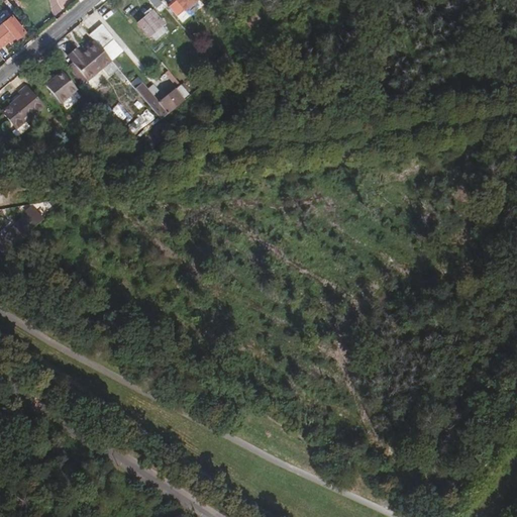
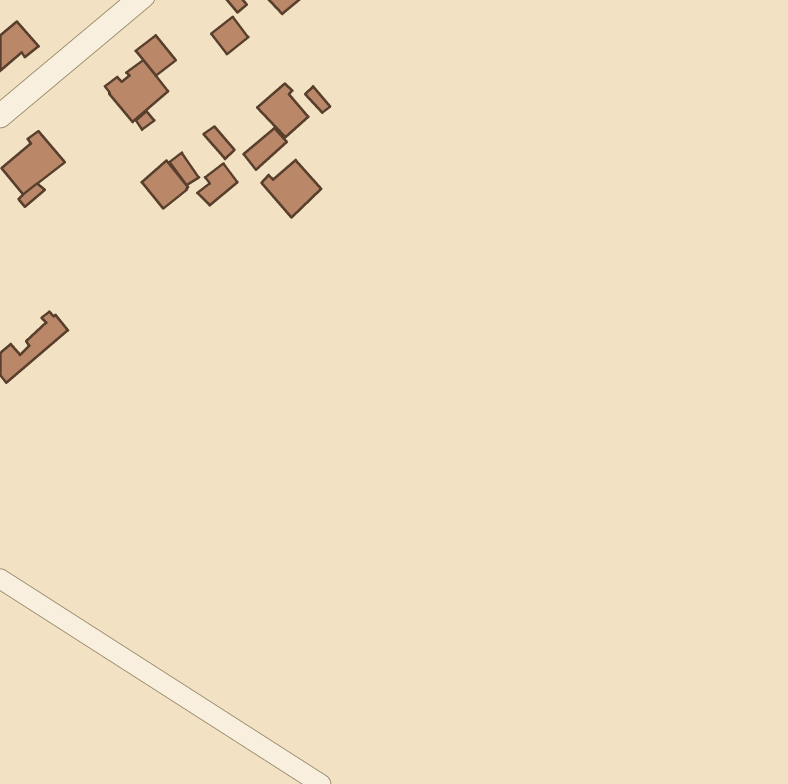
building: none -> [257,84,308,137]
building: [45,72,76,103] -> [142,161,188,208]
building: none -> [262,160,321,217]

